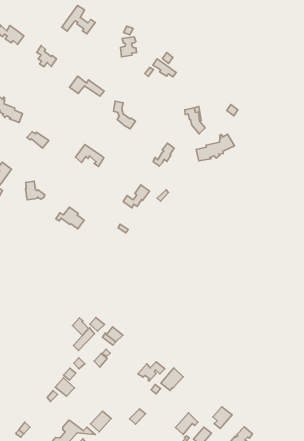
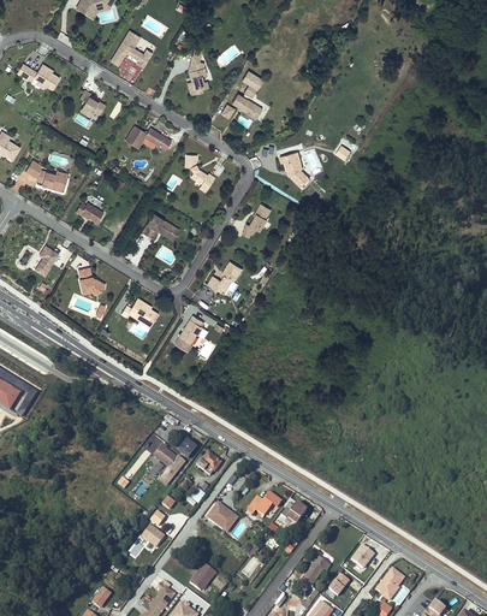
building: [196,134,234,161] -> none
building: none -> [176,315,208,351]
building: none -> [206,502,238,533]

